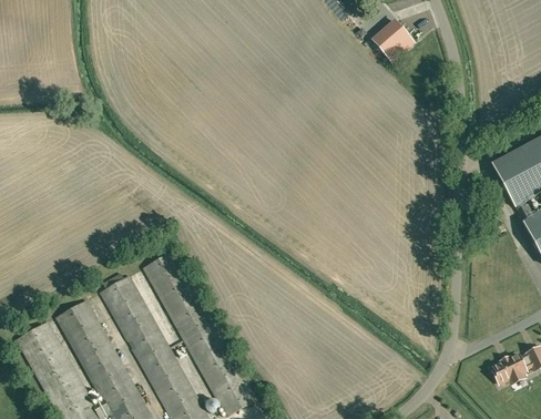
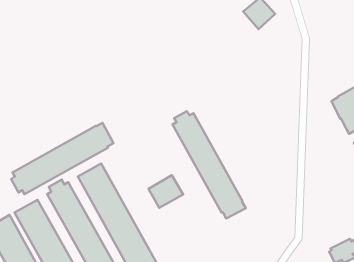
building: none -> [172,111,246,219]
building: none -> [11,123,114,194]
building: none -> [148,175,183,208]

